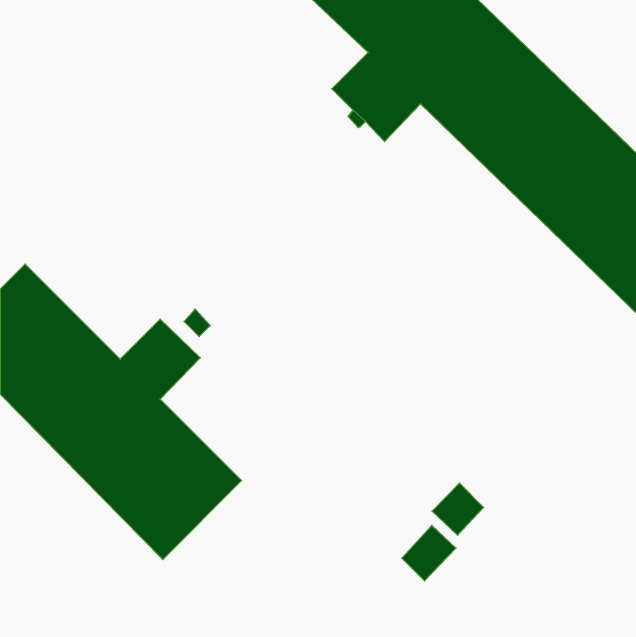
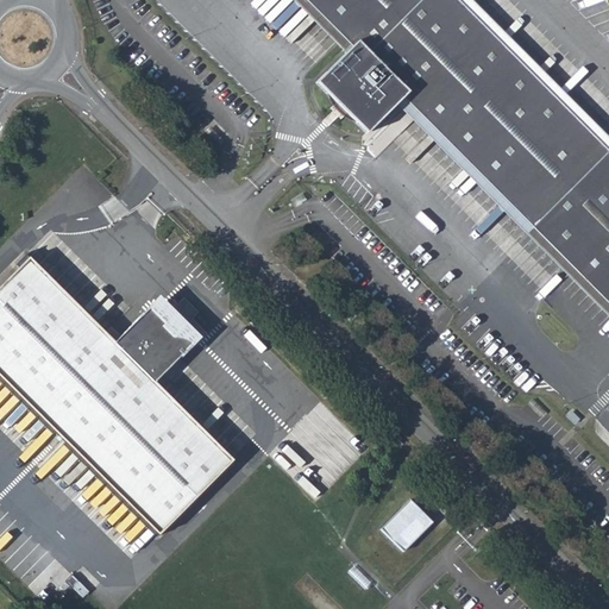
building: [432,483,483,535] -> none

